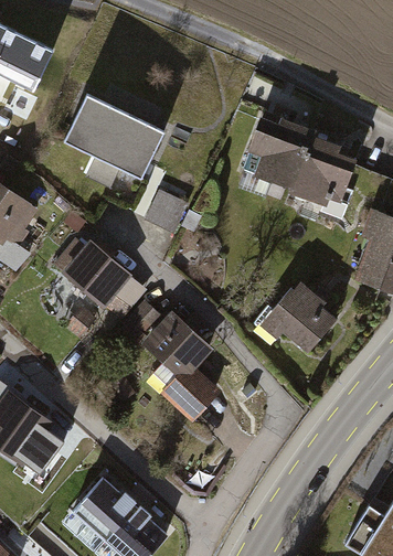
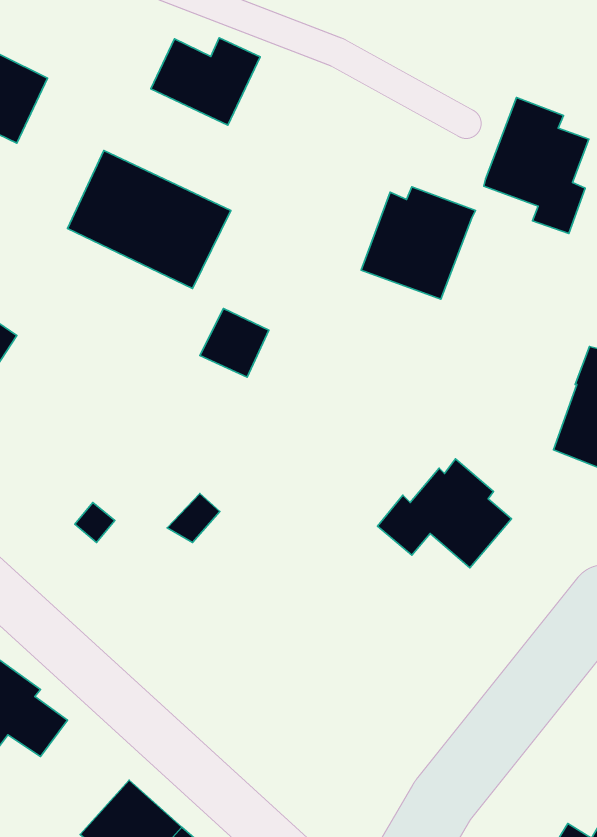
building: none -> [151,38,260,125]
building: [291,137,355,220] -> [484,97,589,233]
building: [56,242,135,304] -> none
building: [148,317,215,416] -> none

